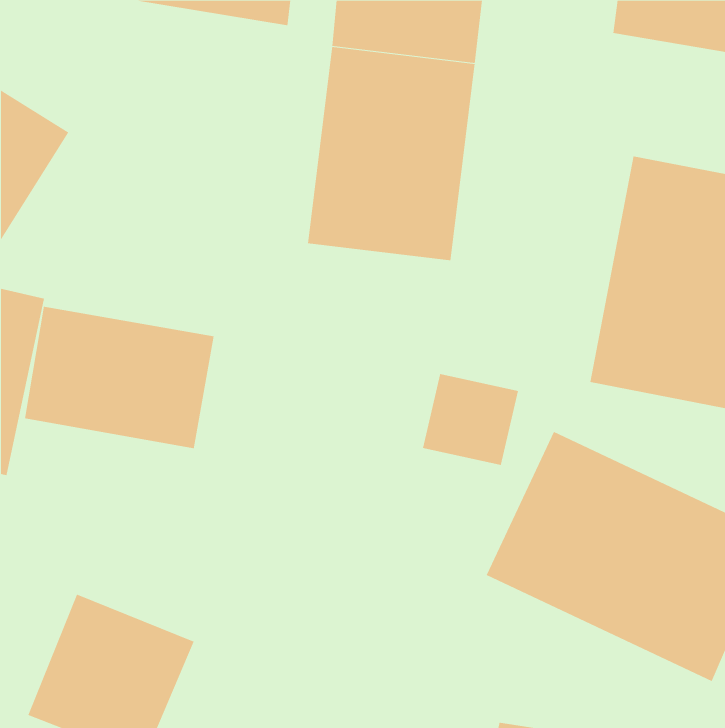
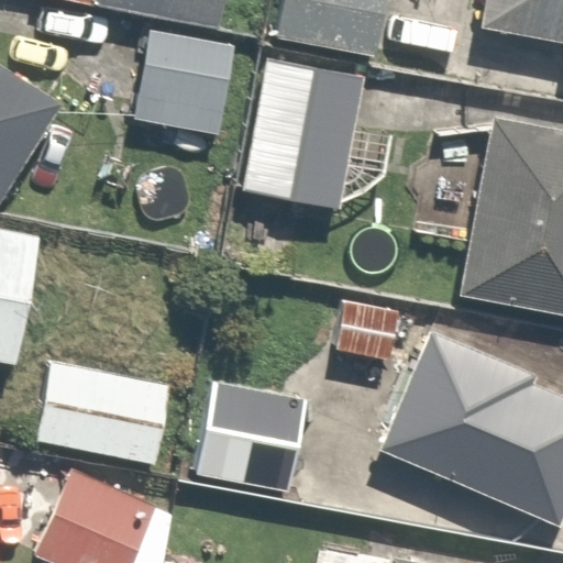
building: none -> [126,21,239,135]
building: [24,306,215,449] -> [33,357,178,466]
building: none -> [196,375,307,492]

